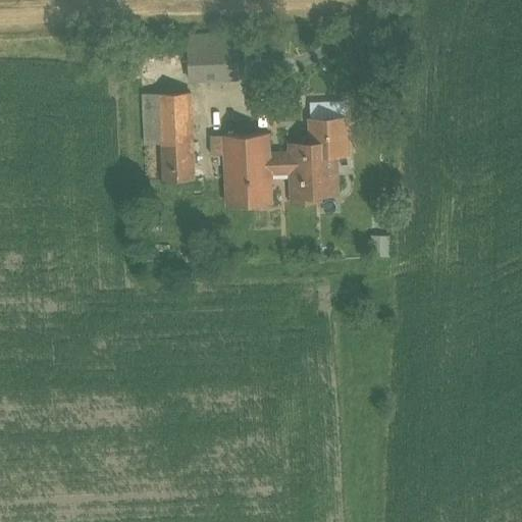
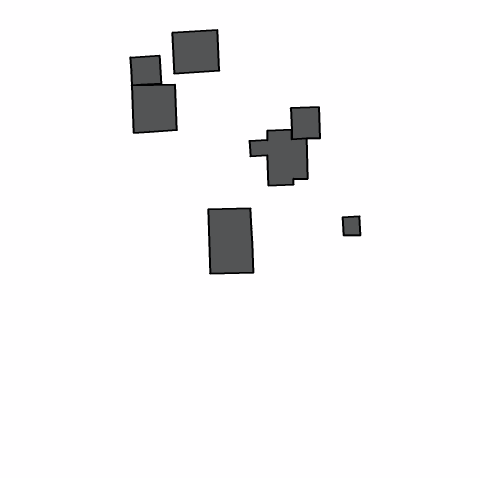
building: none -> [130,56,161,86]
building: [223,135,272,205] -> [208,209,253,273]
building: [162,144,193,182] -> none

